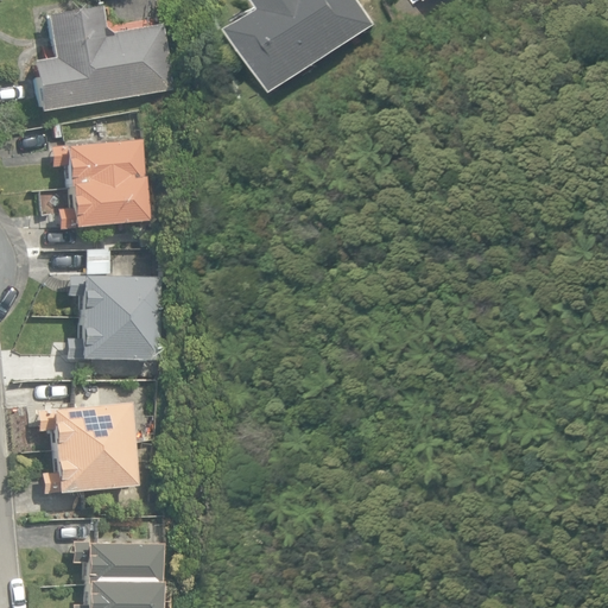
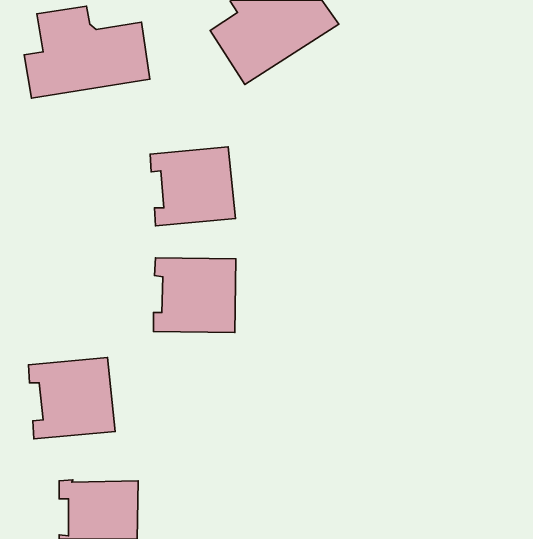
building: [53,139,150,228] -> [150,147,236,226]
building: [68,276,160,360] -> [153,258,236,333]

